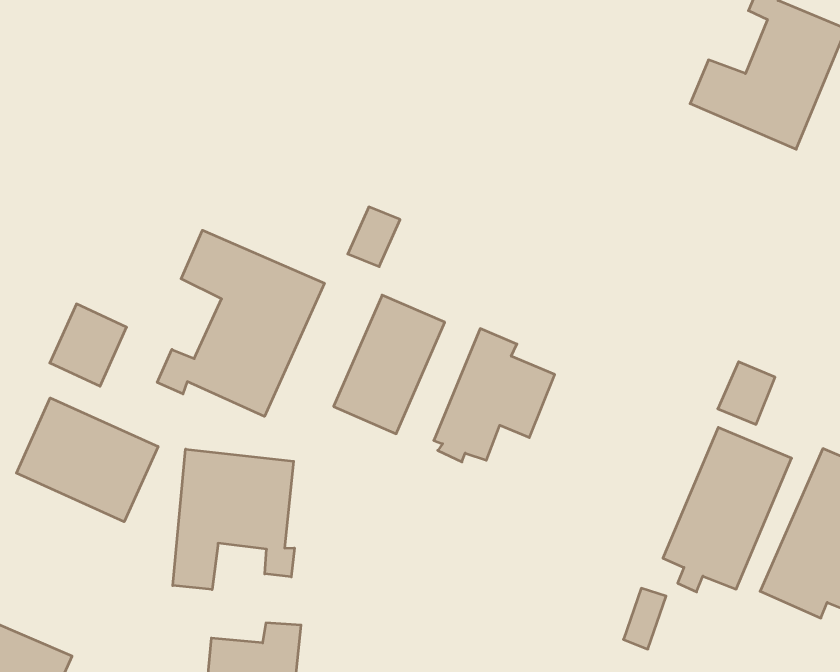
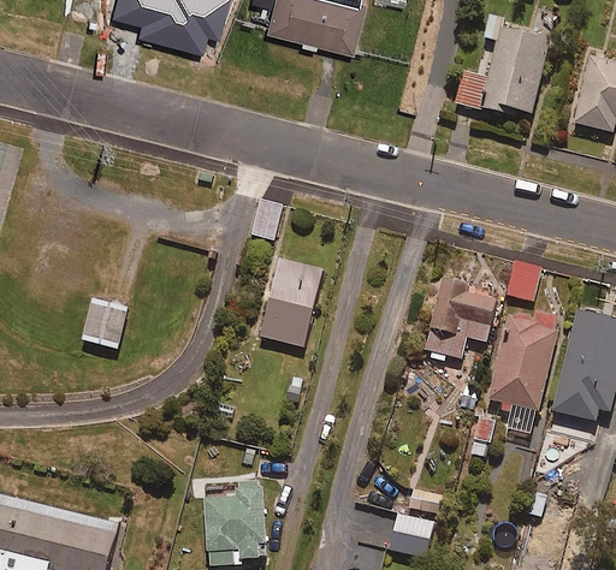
building: [157,230,324,416] -> none
building: [434,329,555,462] -> [425,275,496,363]
building: [16,398,158,522] -> none
building: [173,449,294,590] -> none

